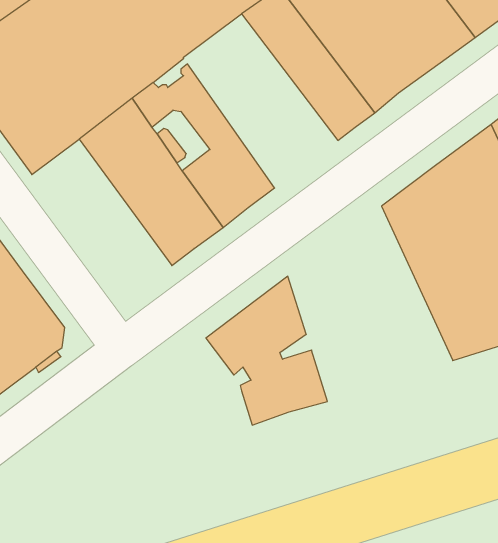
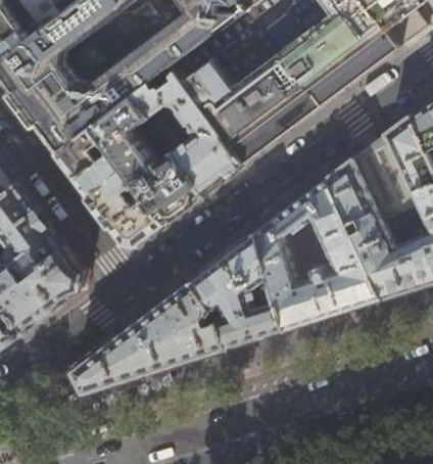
building: none -> [170,30,289,165]
building: none -> [52,127,160,243]
building: none -> [250,179,378,330]
building: none -> [68,281,223,393]

